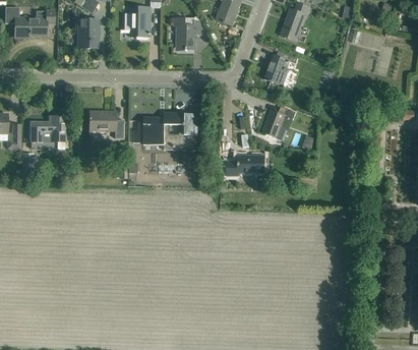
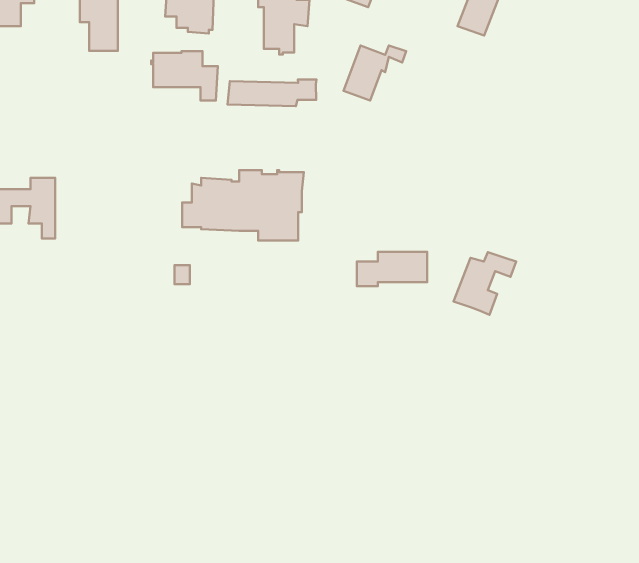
building: [263,54,297,83] -> [343,45,406,100]
building: none -> [228,79,316,106]
building: [261,106,295,139] -> [454,252,516,315]
building: [87,111,123,137] -> [151,51,218,100]

